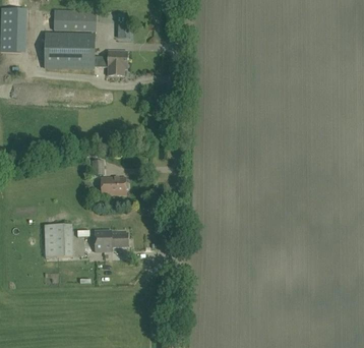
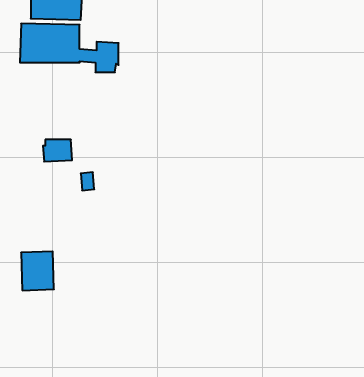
building: [101,177,125,195] -> [43,140,72,162]
building: [94,230,127,251] -> none

